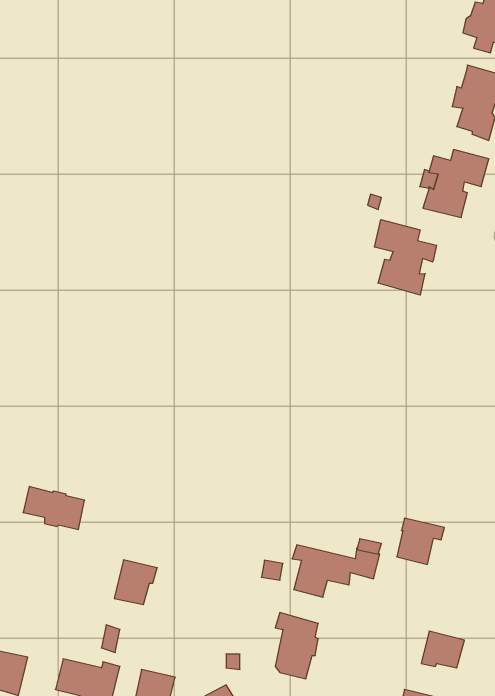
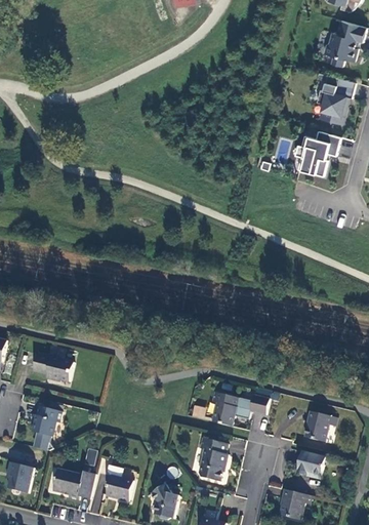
building: [374,220,436,295] -> none
building: [397,518,444,564] -> [304,411,336,442]
building: [114,560,157,605] -> [32,406,60,436]

